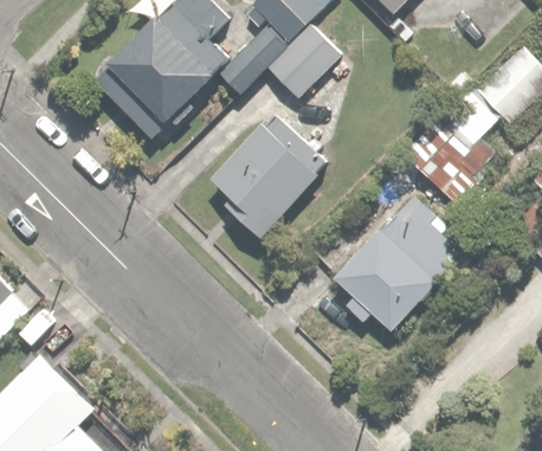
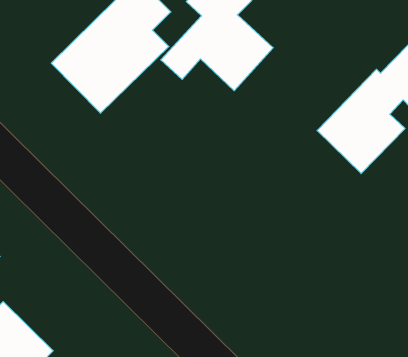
building: [209,115,325,238] -> none
building: [333,187,456,330] -> none

